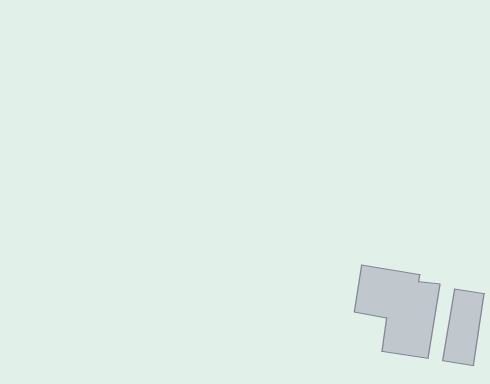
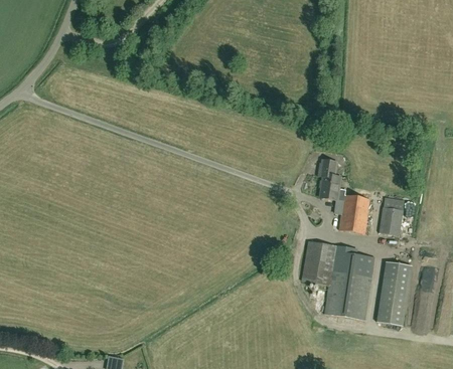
building: none -> [318,159,369,233]
building: none -> [378,206,403,235]

